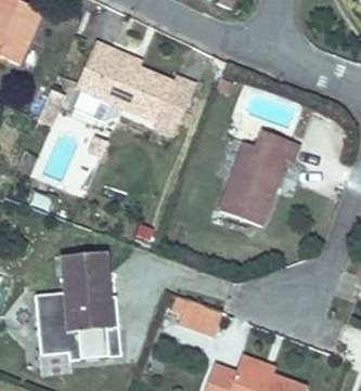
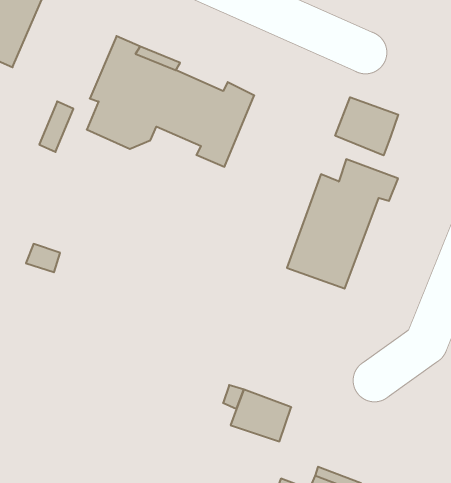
building: none -> [335,97,398,155]
building: [36,250,119,360] -> none

